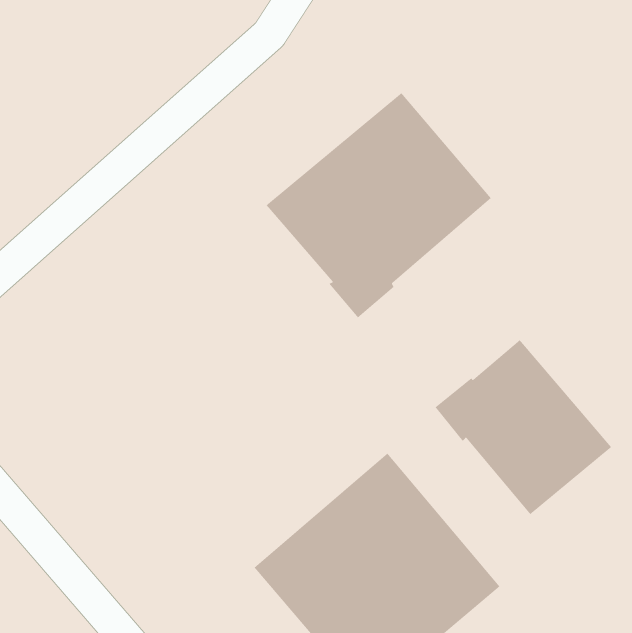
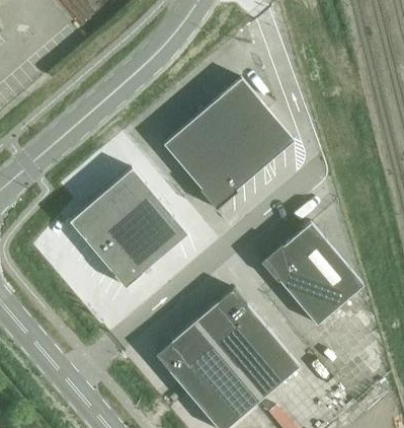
building: none -> [71,166,189,285]

